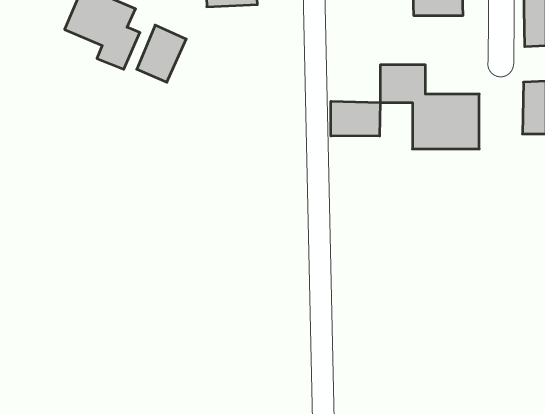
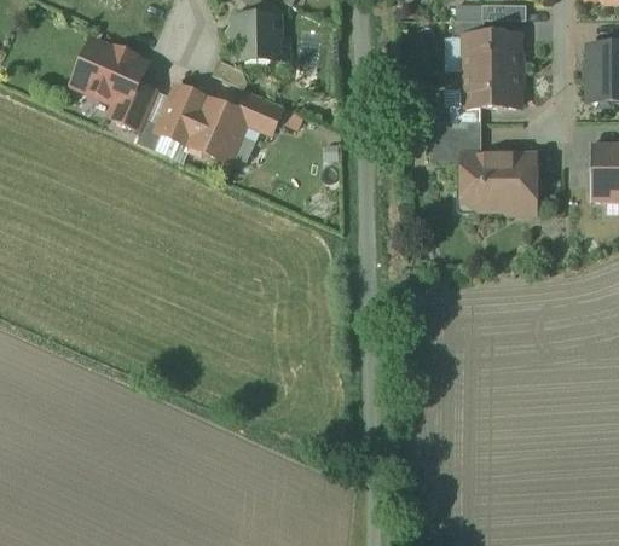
building: none -> [464,68,520,104]
building: none -> [187,93,282,159]
building: [331,101,380,136] -> none

